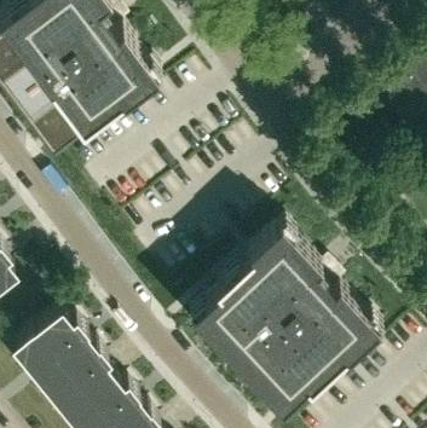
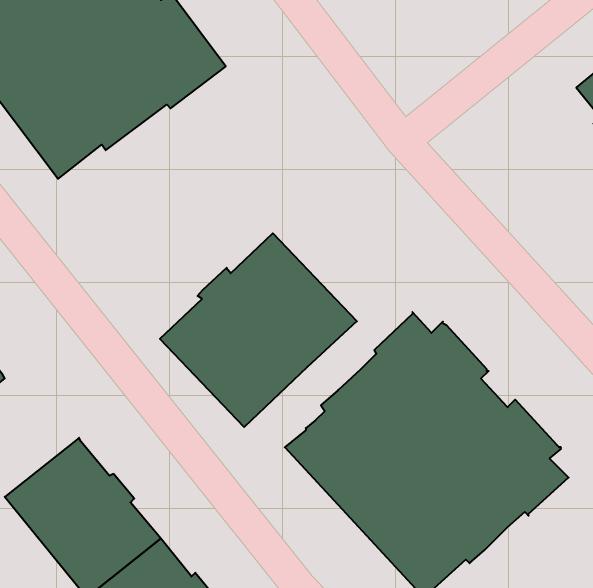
building: none -> [160,233,357,427]

